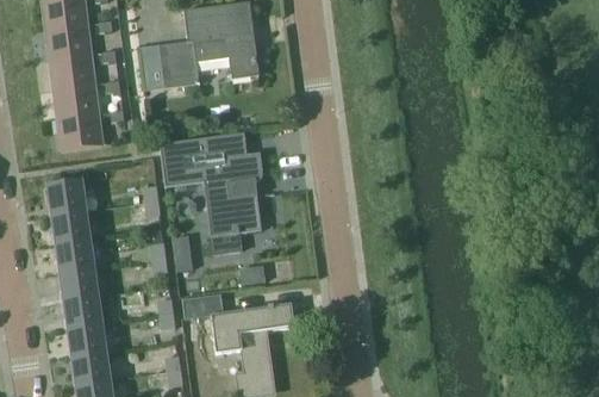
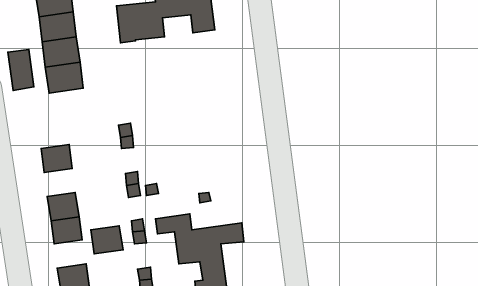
building: none -> [8,49,34,90]
building: [160,132,263,254] -> none
building: [48,182,86,216] -> none
building: [56,240,93,273] -> none
building: [68,324,106,358] -> [91,226,123,254]

